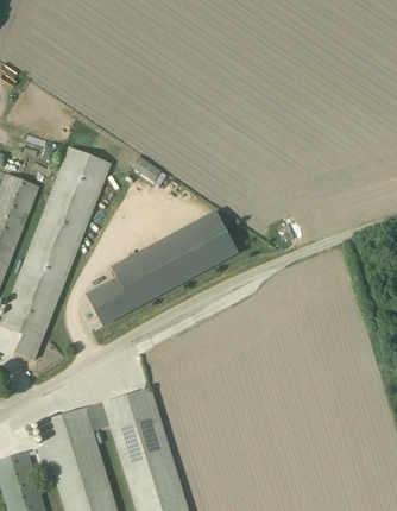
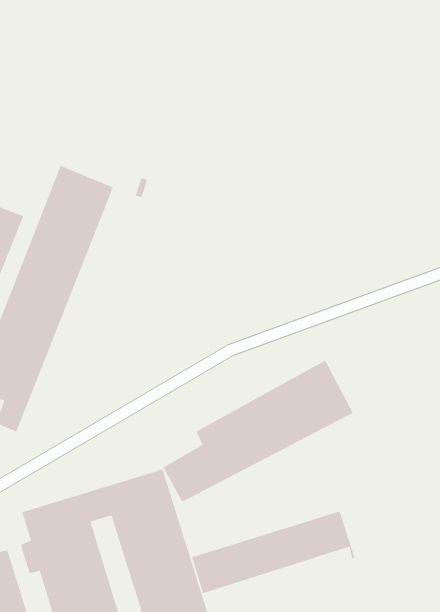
building: [88,210,240,324] -> [163,359,354,503]
building: none -> [191,511,356,594]

